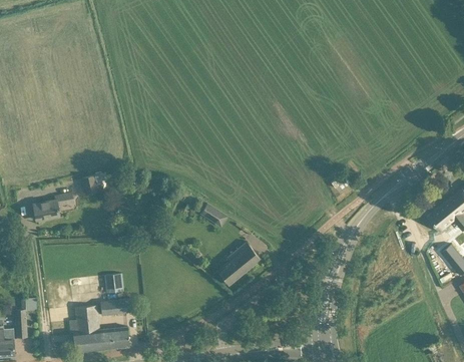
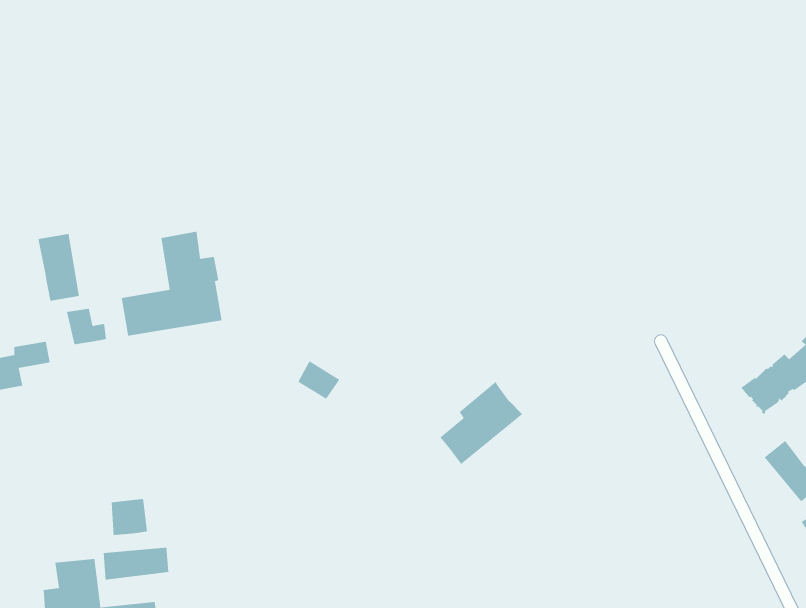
building: none -> [121,231,222,337]
building: none -> [38,233,79,302]
building: [217,242,261,285] -> [439,381,523,465]

